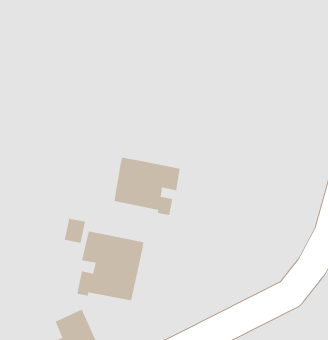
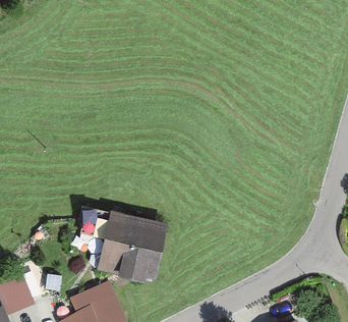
building: [114,157,180,216] -> none

